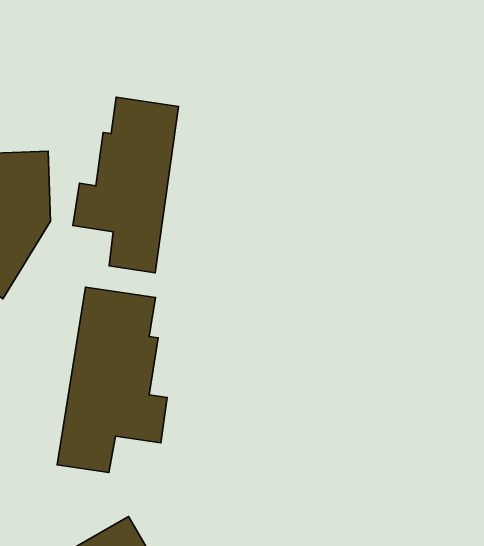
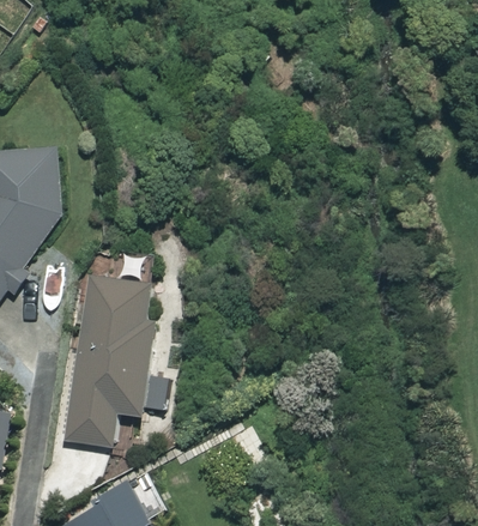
building: [73,97,178,273] -> none

